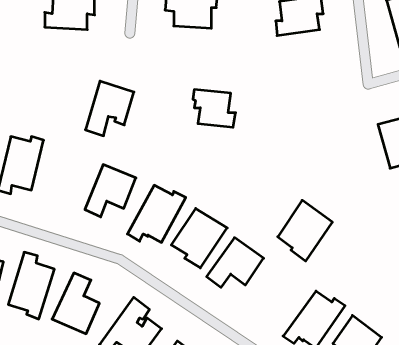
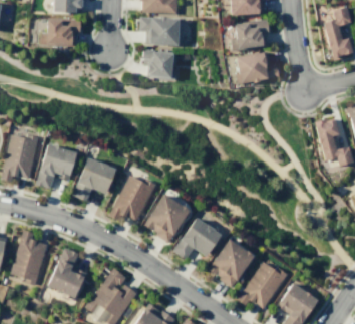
building: none -> [234,52,280,85]
building: [85,81,134,136] -> [36,143,76,189]
building: [193,90,236,127] -> [142,49,178,80]
building: [278,200,332,261] -> [209,238,254,288]

